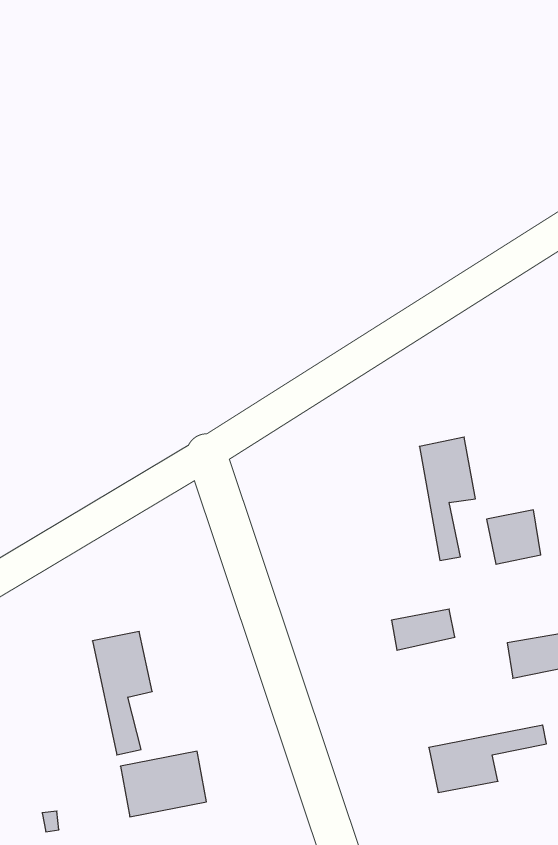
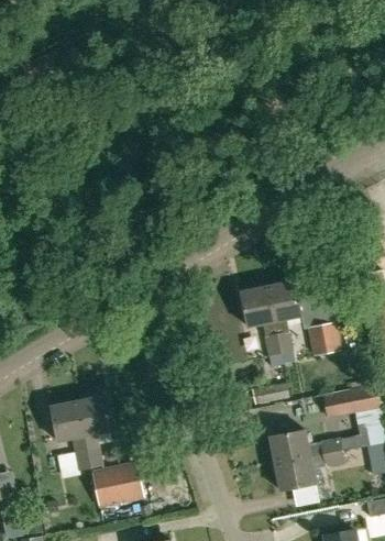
building: none -> [241,286,280,355]
building: none -> [50,400,90,470]
building: none -> [268,429,341,463]

